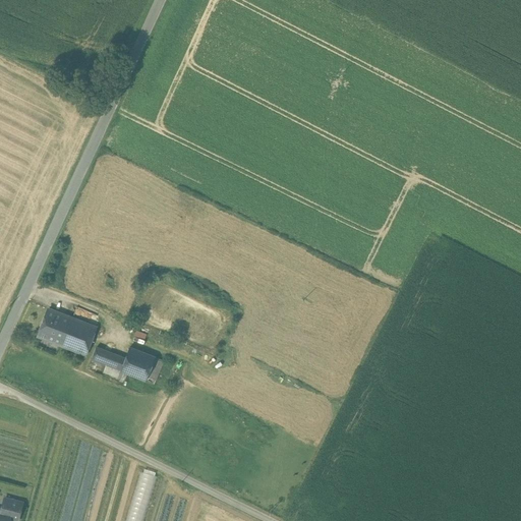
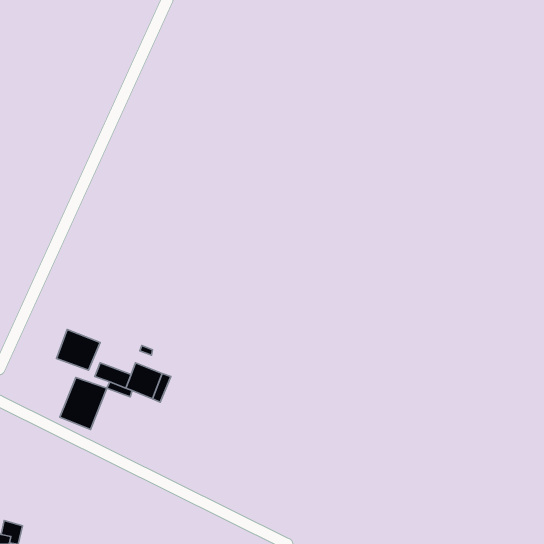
building: [37,308,64,342] -> none
building: none -> [60,378,107,430]

